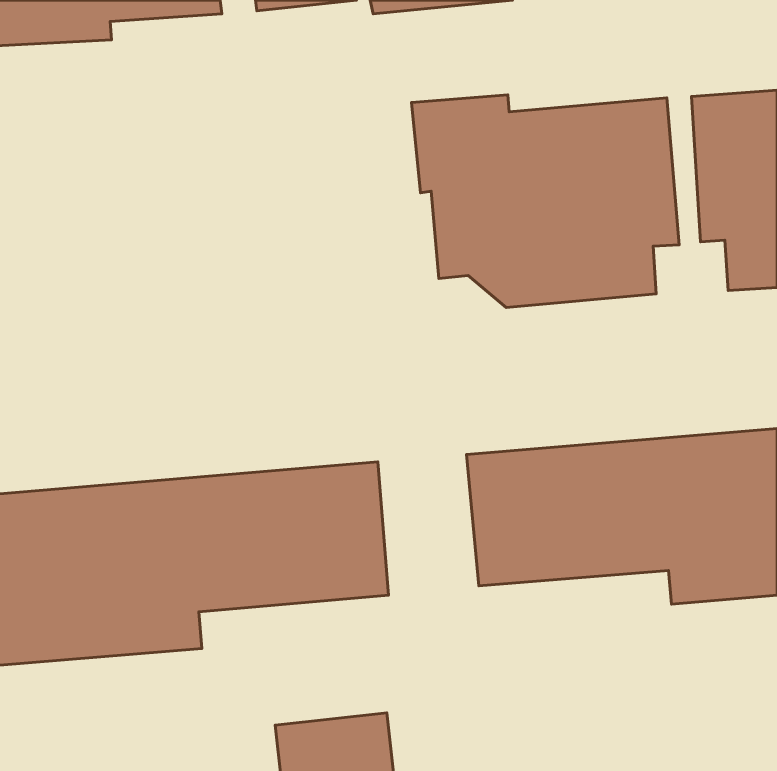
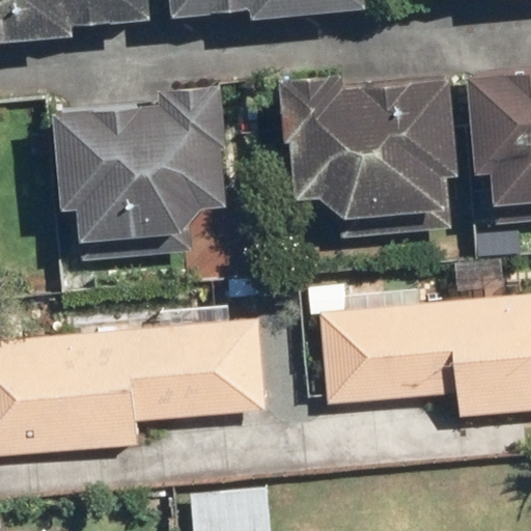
building: none -> [55,81,230,239]

